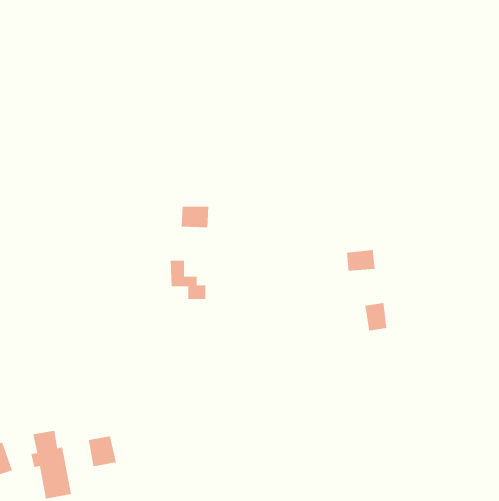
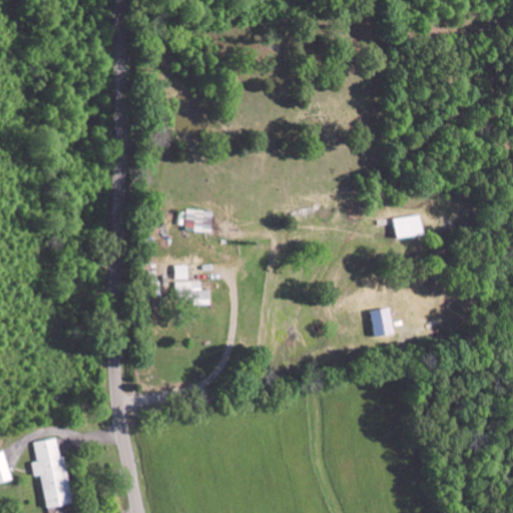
building: [346,250,375,271] -> [392,215,422,237]
building: [88,435,116,467] -> none

